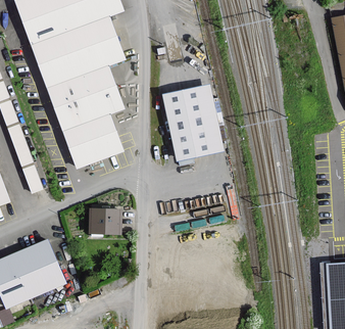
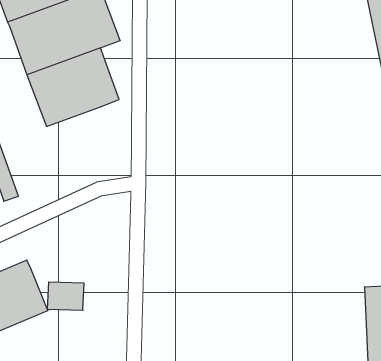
building: [162,85,220,160] -> none
building: [64,112,124,168] -> none
building: [89,209,119,233] -> [47,282,84,310]

